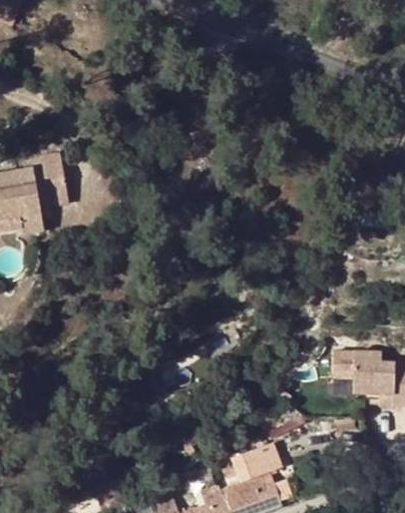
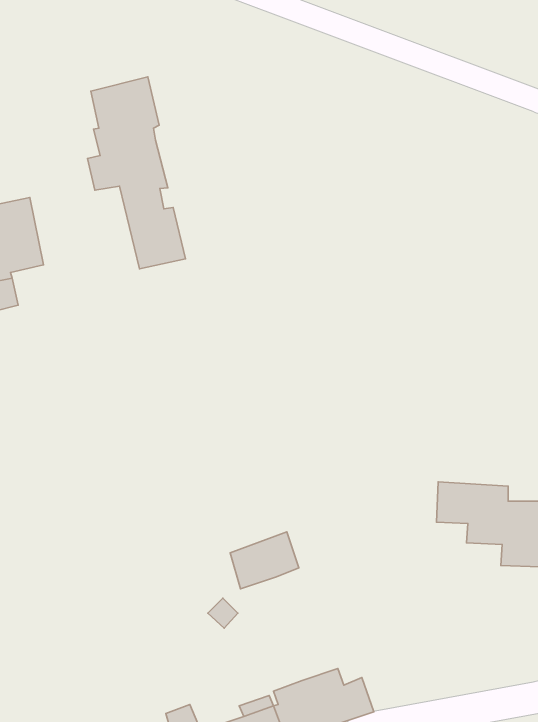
building: none -> [88,77,186,269]
building: [234,444,280,482] -> [230,532,299,589]

